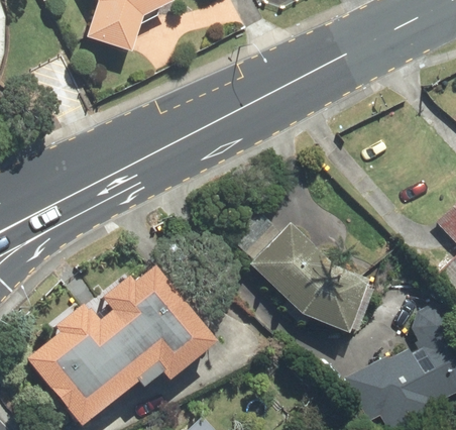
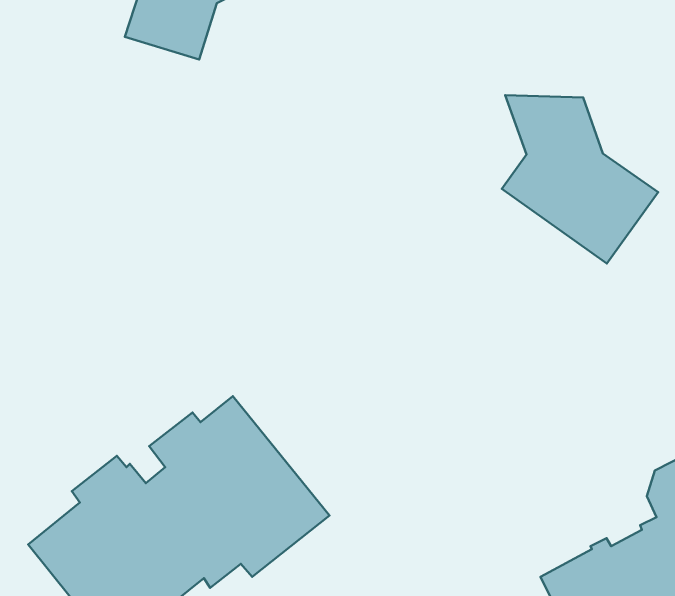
building: none -> [502,95,658,264]
building: [229,208,369,331] -> none

